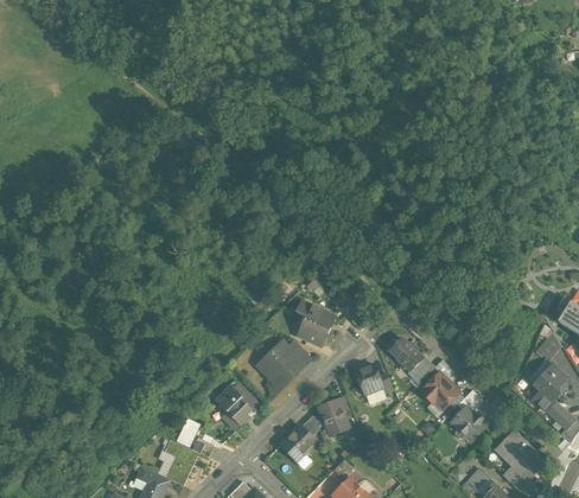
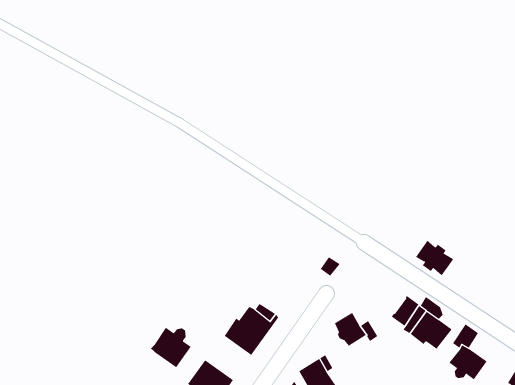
building: [297,302,333,346] -> none
building: [389,338,422,371] -> [415,240,454,276]
building: none -> [150,327,192,368]

